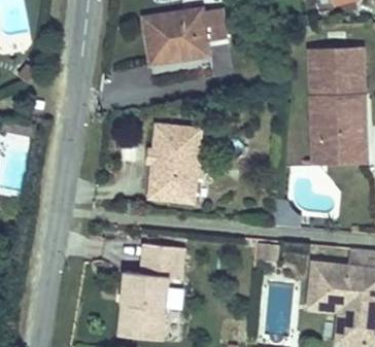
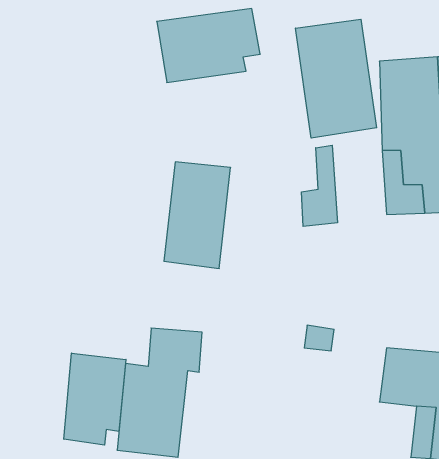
building: none -> [296,19,377,138]
building: none -> [302,145,337,226]
building: none -> [64,353,126,445]

